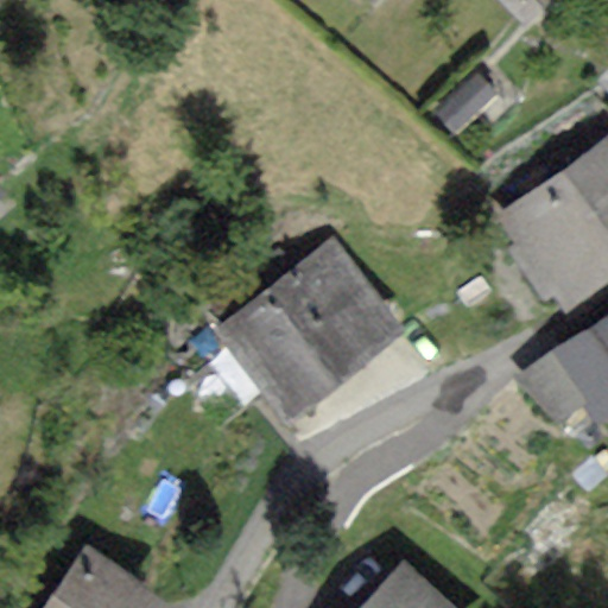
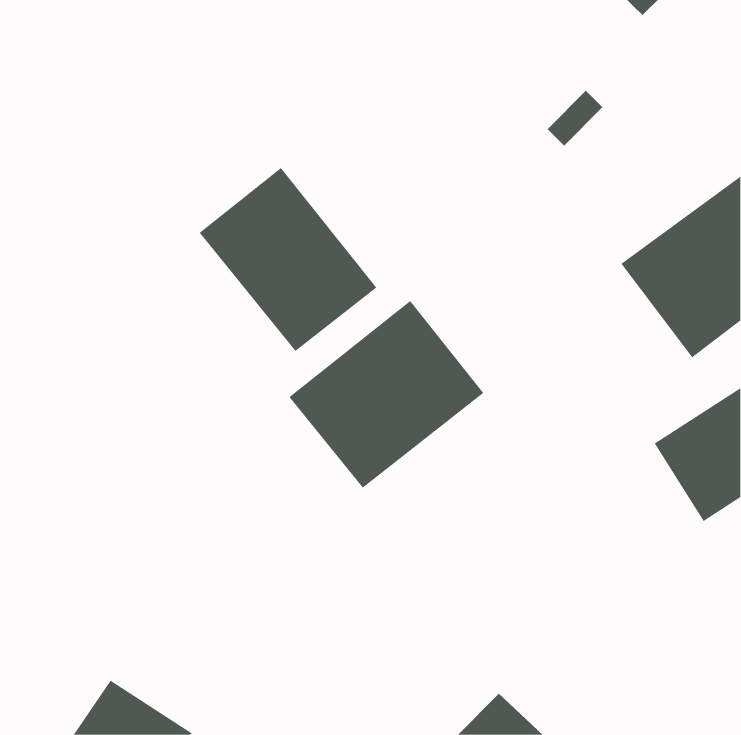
building: none -> [199,167,377,352]

